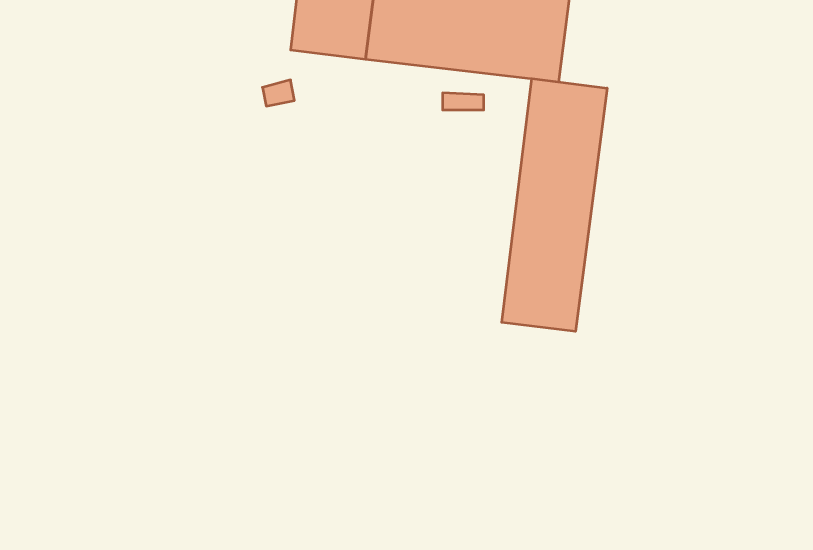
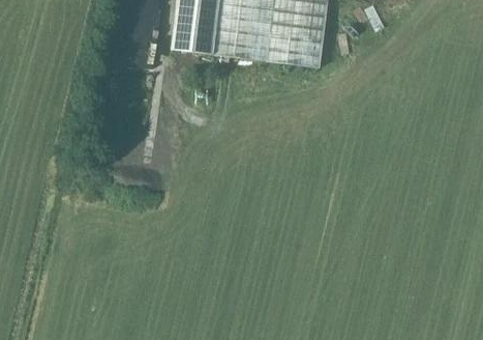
building: [502,79,607,331] -> none

